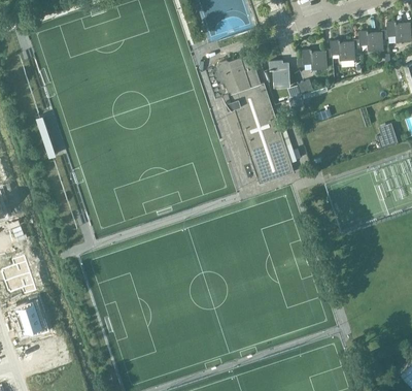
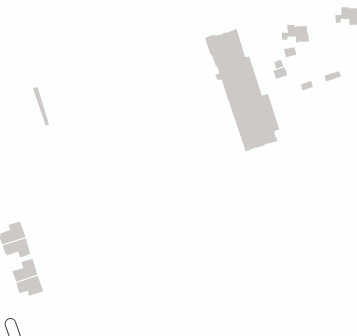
building: [325,39,355,59] -> none
building: [270,60,289,87] -> none

